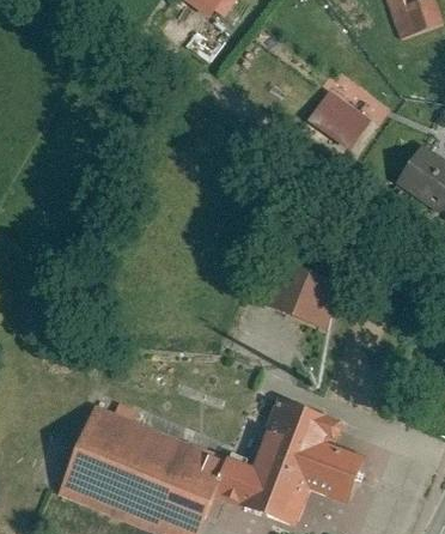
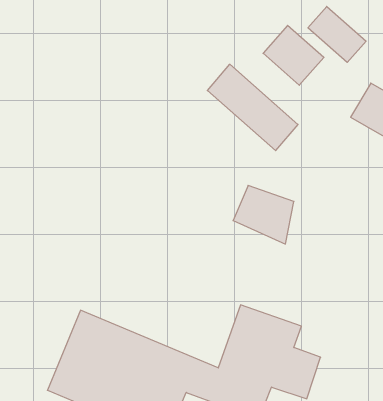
building: none -> [308,6,366,62]
building: none -> [207,64,298,151]

